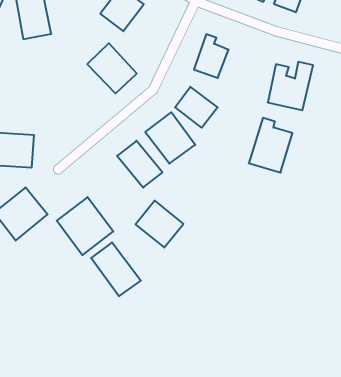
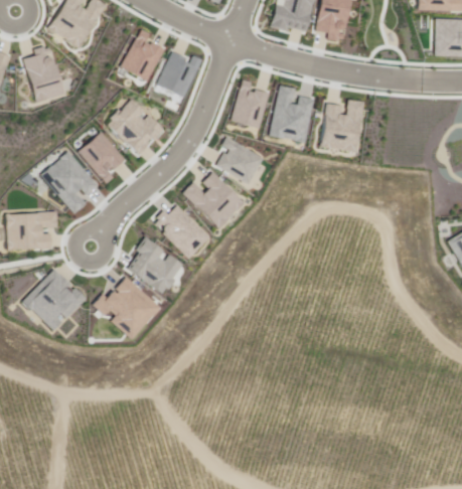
building: none -> [157,52,198,100]
building: none -> [81,132,128,181]
building: none -> [39,149,104,214]
building: [249,118,292,173] -> [268,84,314,144]
building: [136,201,183,248] -> [129,240,183,293]
building: [91,242,141,296] -> none

